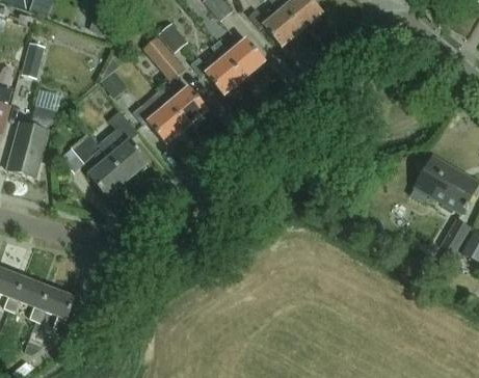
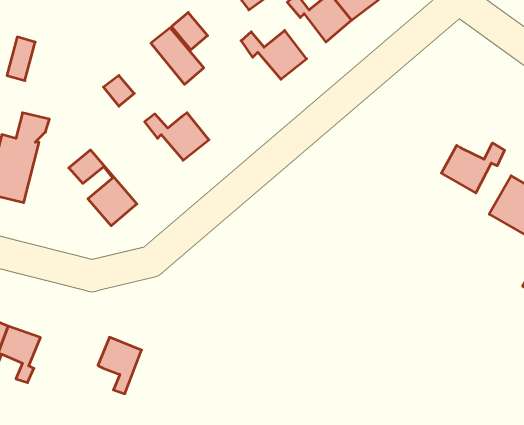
building: [192,55,244,95] -> none
building: [154,86,208,126] -> none
building: [90,110,149,178] -> none
building: none -> [441,143,505,193]
building: [41,286,76,331] -> [98,337,142,394]

